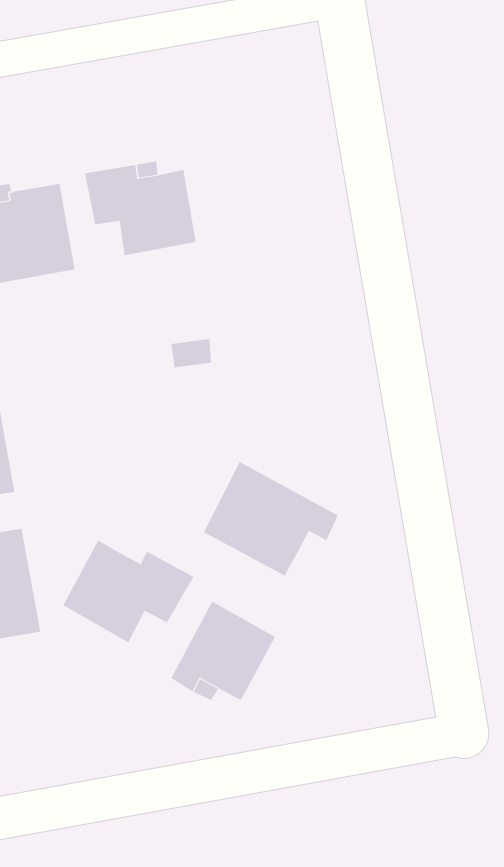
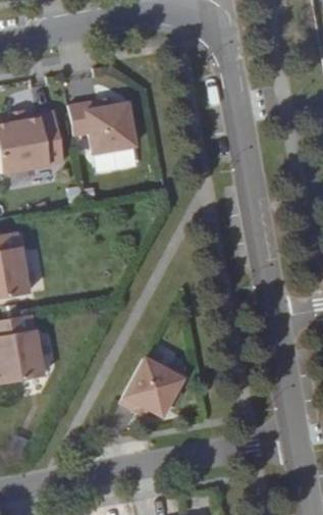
building: [203,461,338,577] -> none
building: [62,540,194,643] -> none

